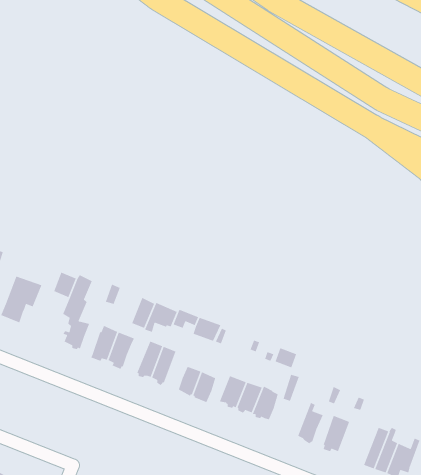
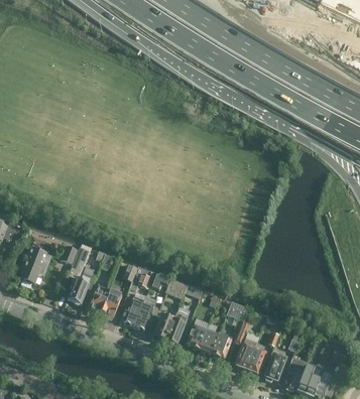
building: none -> [235,338,257,369]
building: none -> [287,356,308,390]

